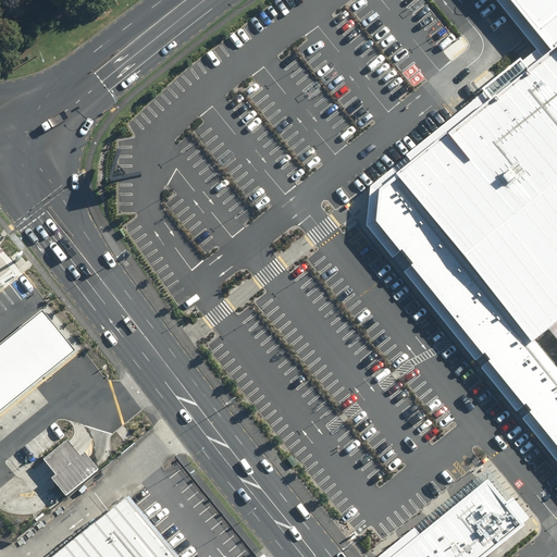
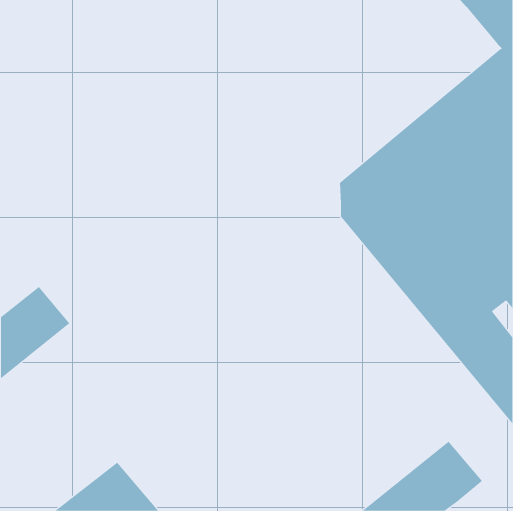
building: [44,440,98,495] -> none

